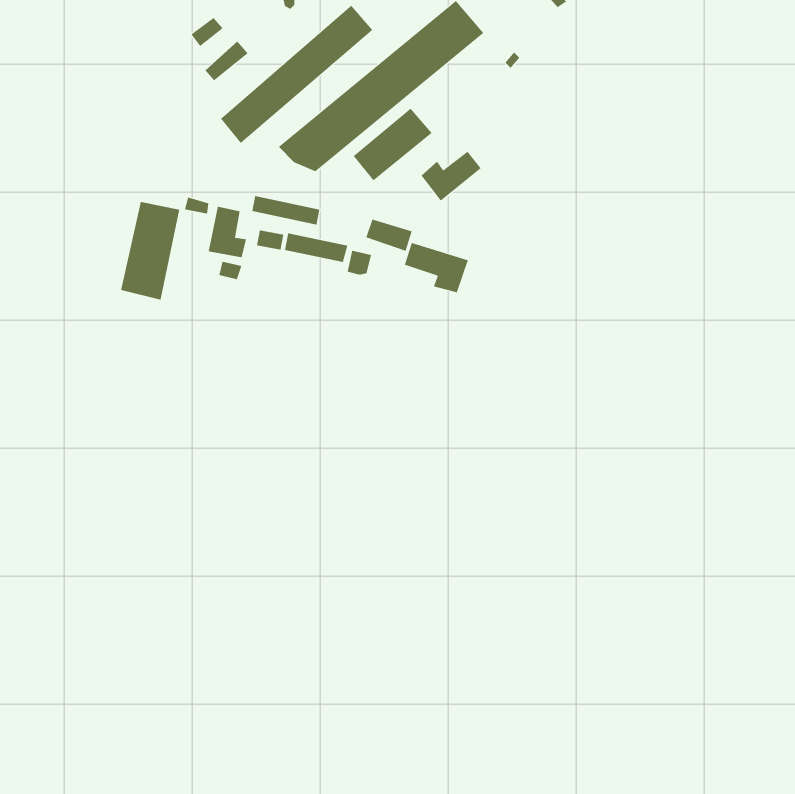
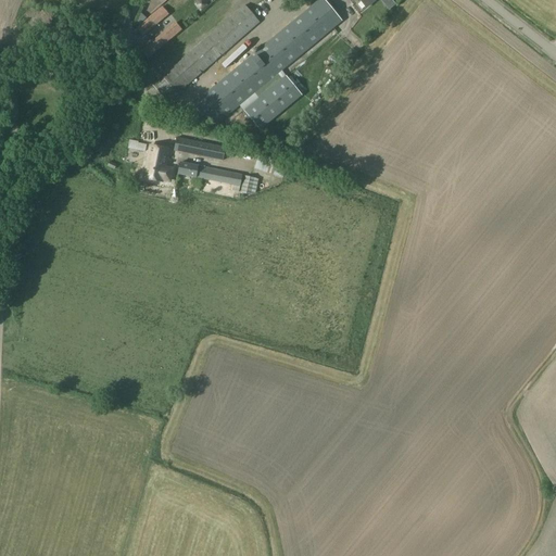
building: [421,151,482,202] -> none
building: [121,201,180,300] -> none
building: [404,242,469,293] -> none

